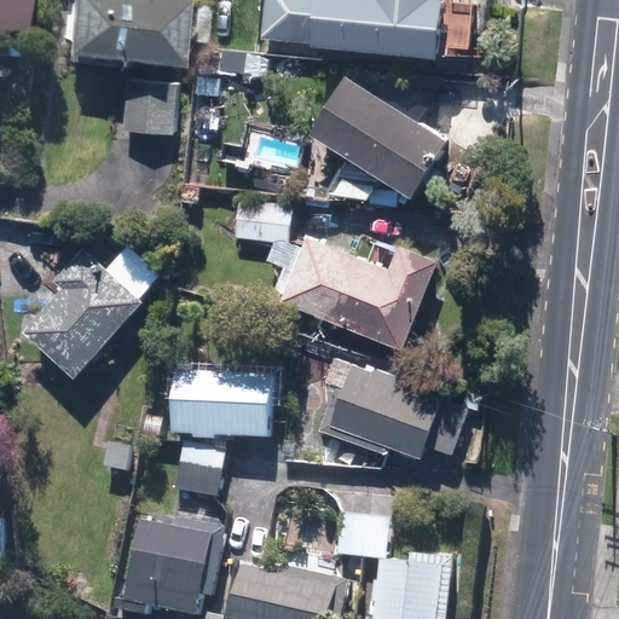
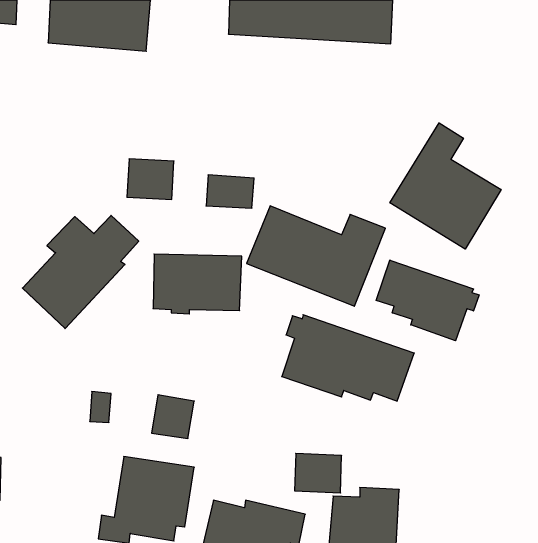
building: [311,75,452,198] -> none
building: [121,86,174,132] -> [127,159,174,199]
building: none -> [390,123,501,249]
building: none -> [376,260,479,341]
building: [172,376,272,444] -> [153,254,242,314]

